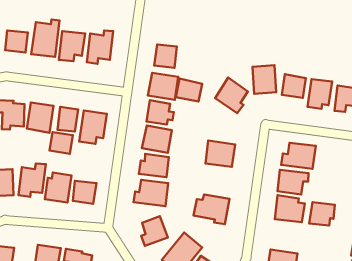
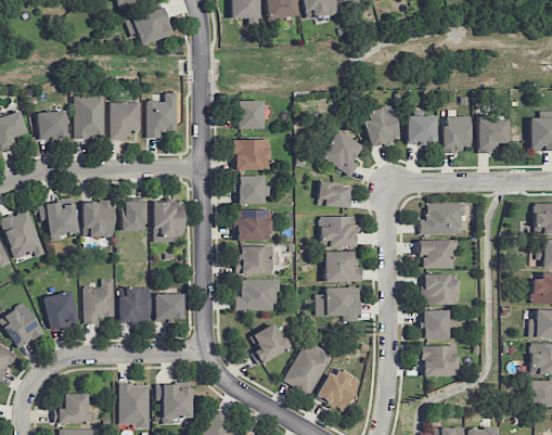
building: [176,79,202,102] -> [319,181,350,207]
building: [49,132,73,154] -> none
building: none -> [325,251,362,282]
building: [309,202,335,226] -> [423,309,453,338]

